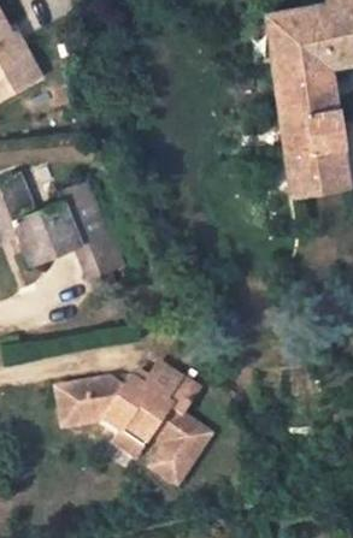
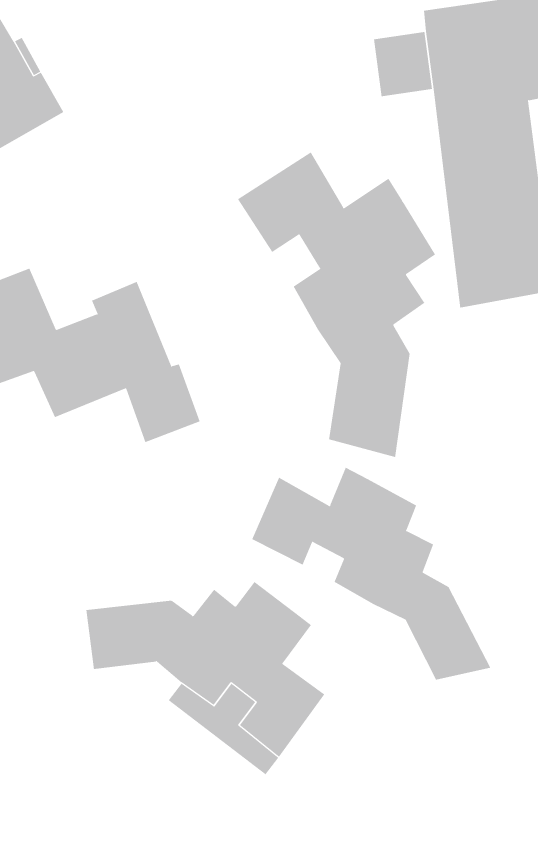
building: none -> [237,151,436,458]
building: none -> [251,467,491,680]

